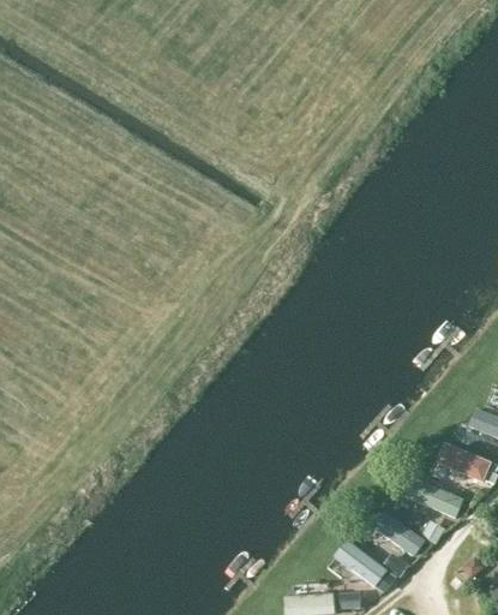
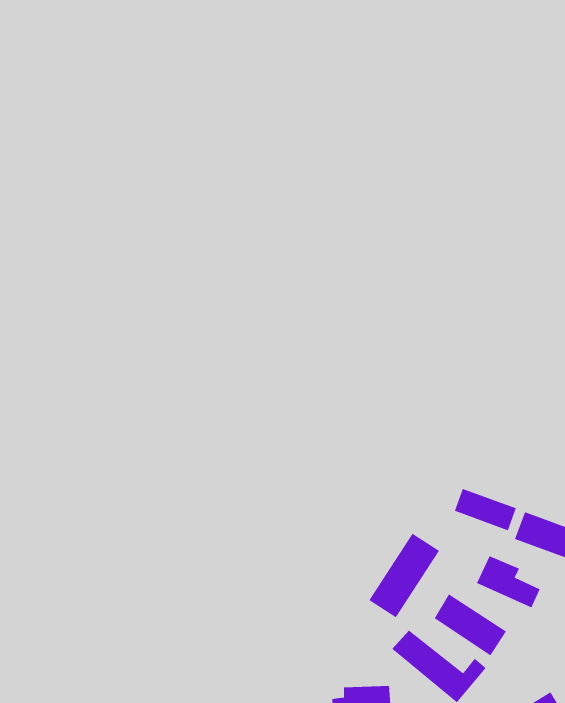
building: none -> [454,488,517,531]
building: none -> [369,533,440,618]

